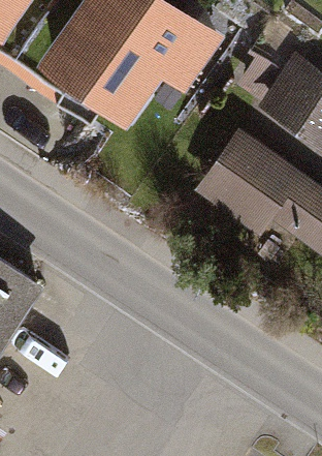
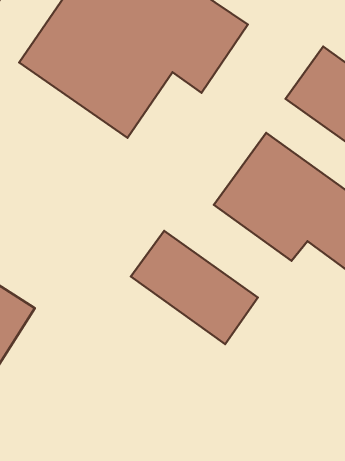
building: none -> [131,231,258,344]

